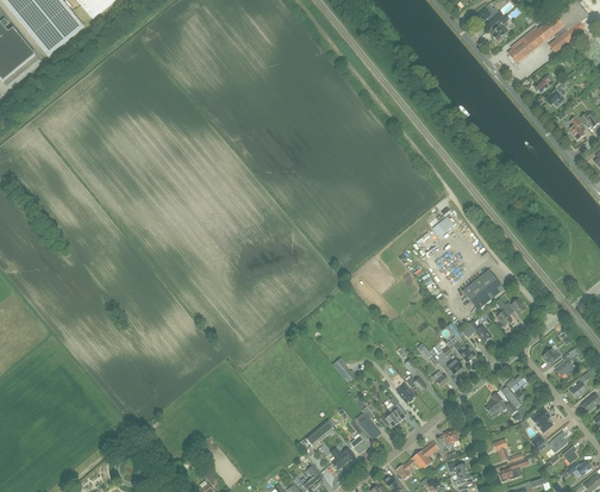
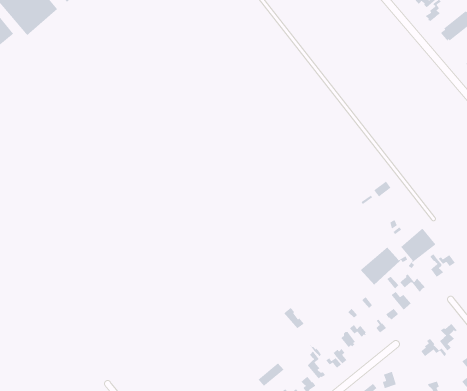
building: none -> [360,246,408,286]

